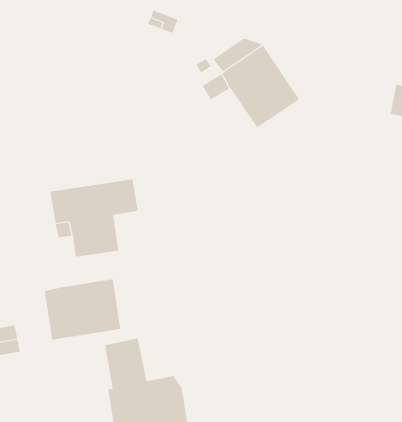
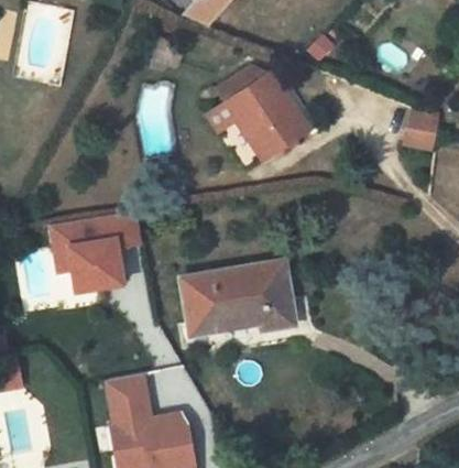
building: none -> [182,261,295,338]
building: [45,279,121,341] -> none

